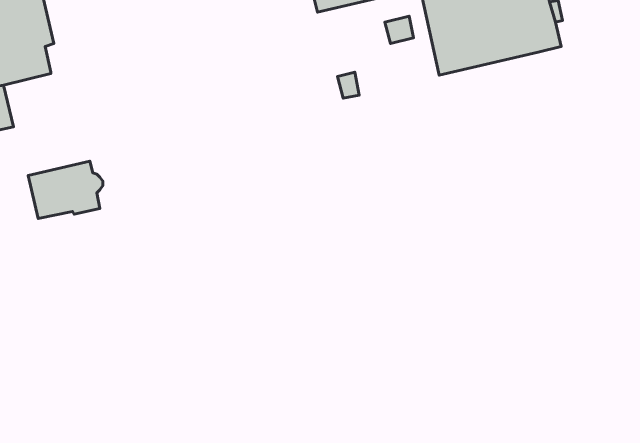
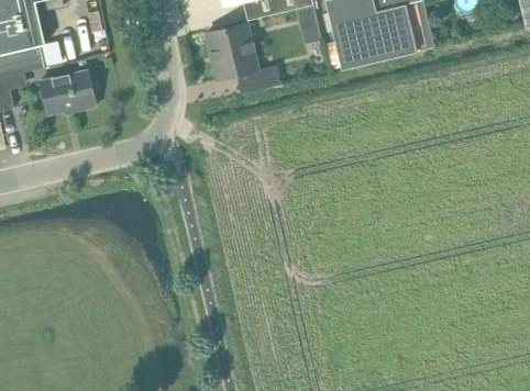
building: none -> [205,23,257,80]
building: [28,161,103,219] -> [40,70,97,114]

